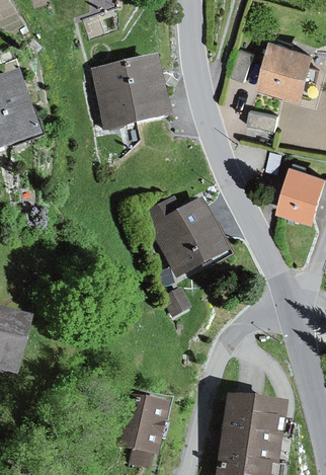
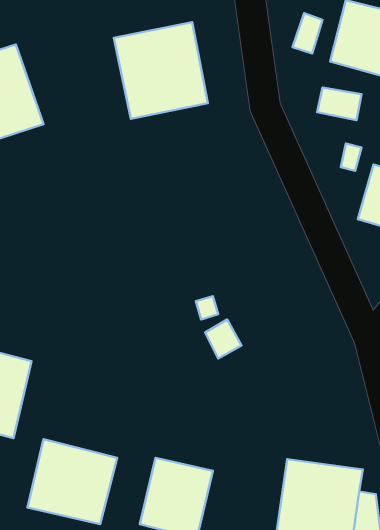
building: [141,193,227,279] -> none
building: none -> [28,439,117,524]

